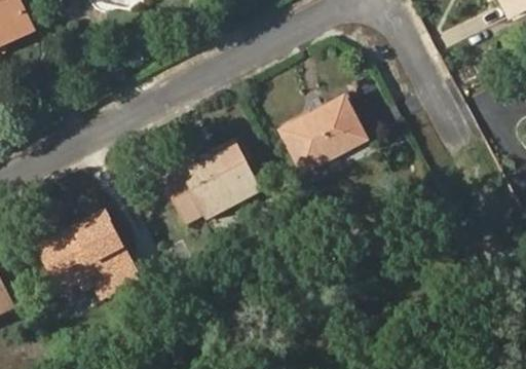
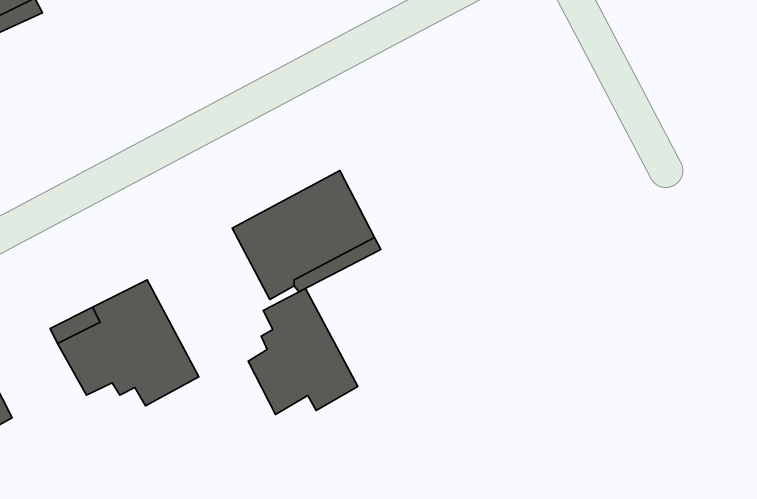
building: [284,95,368,170] -> none
building: none -> [248,288,358,414]

